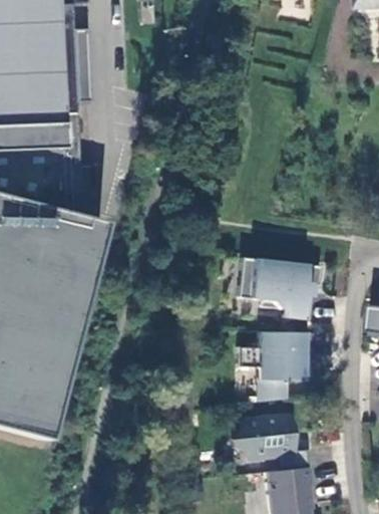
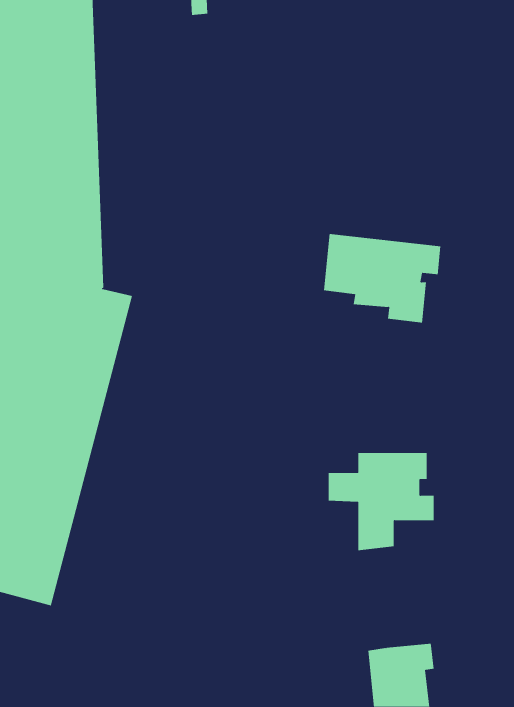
building: [235,257,318,320] -> [323,233,441,323]
building: [231,414,308,470] -> none

